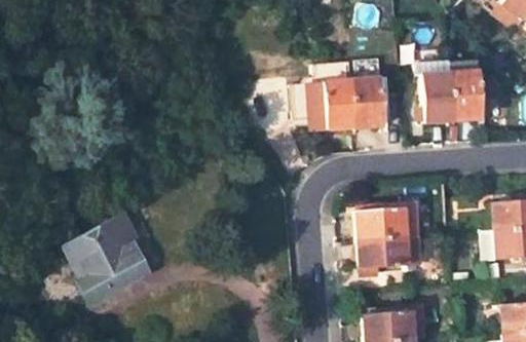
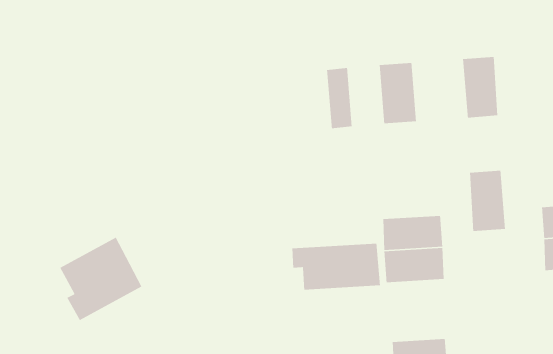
building: [452,69,484,122] -> [469,170,506,232]
building: [326,78,356,131] -> none
building: [68,216,146,278] -> none
building: none -> [292,243,381,291]

